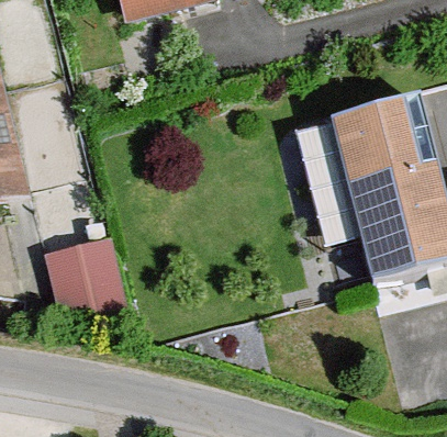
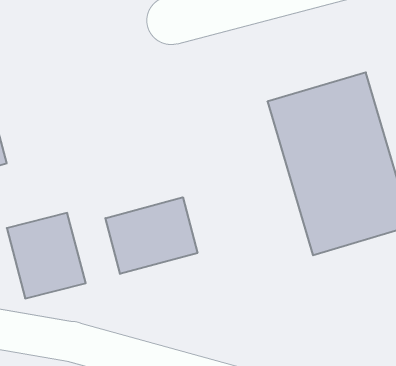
building: none -> [105,197,197,274]

